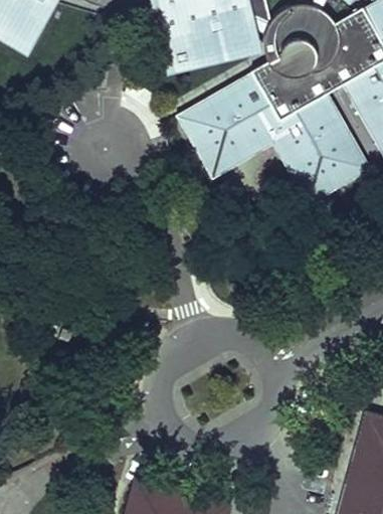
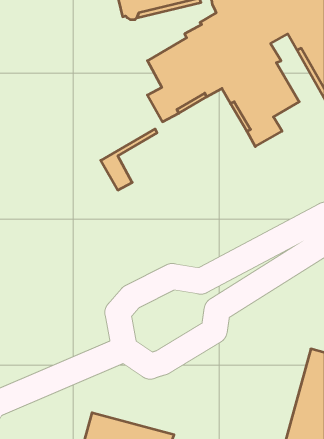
building: [177,82,236,147] -> [101,129,157,190]
building: [328,111,368,185] -> none

